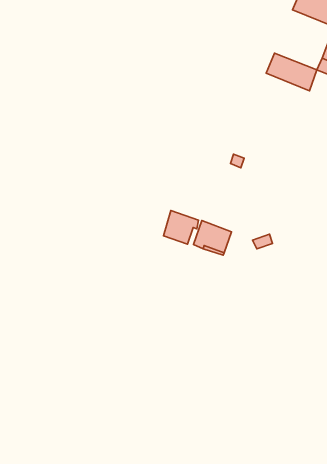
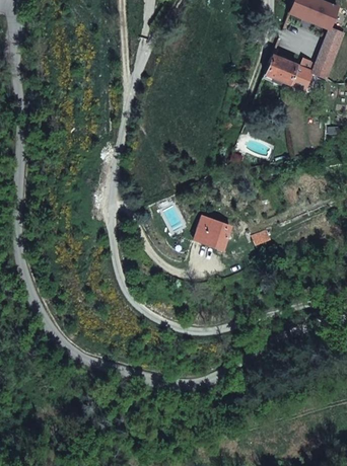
building: [164,211,199,244] -> none

